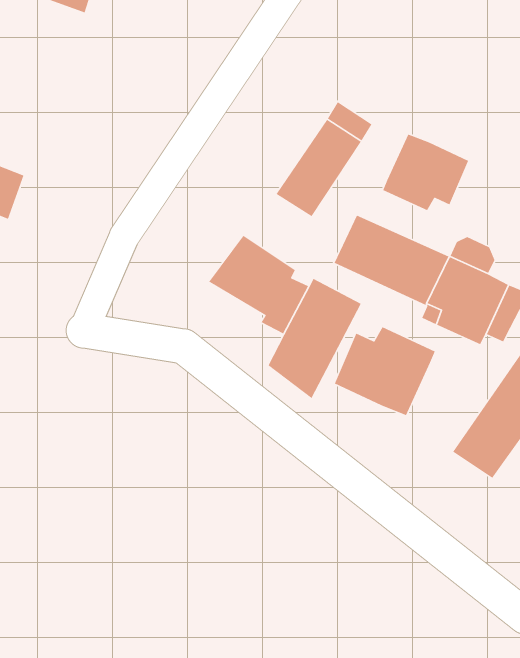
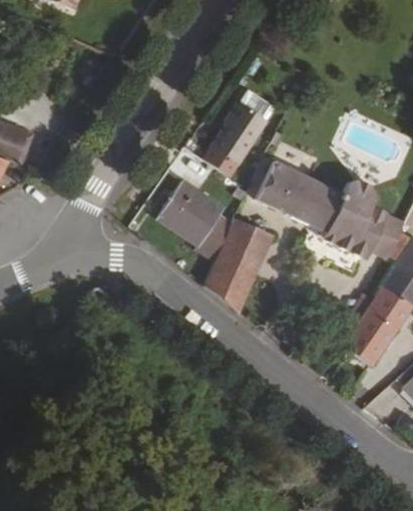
building: [382,133,469,211] -> none
building: [334,326,436,416] -> none

